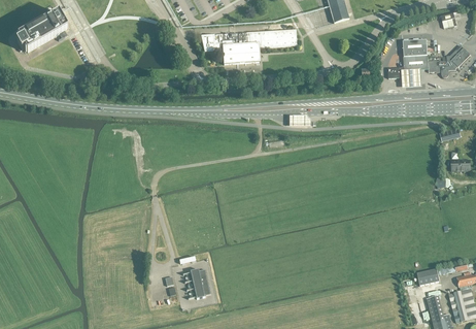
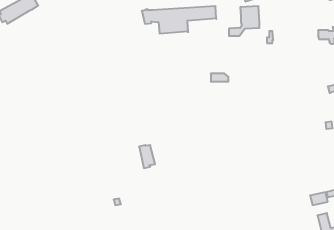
building: [387,38,427,76] -> [229,6,259,36]
building: [190,267,210,297] -> [139,145,155,168]

